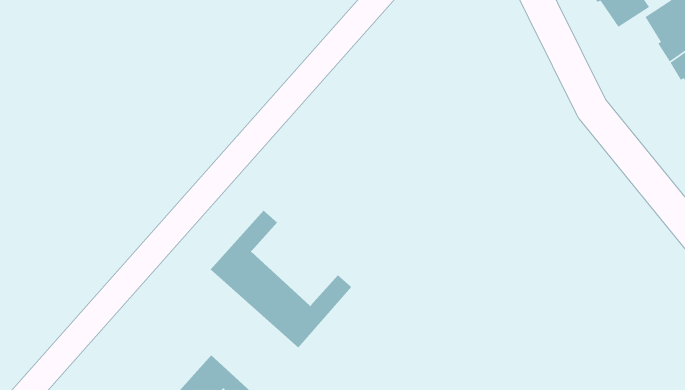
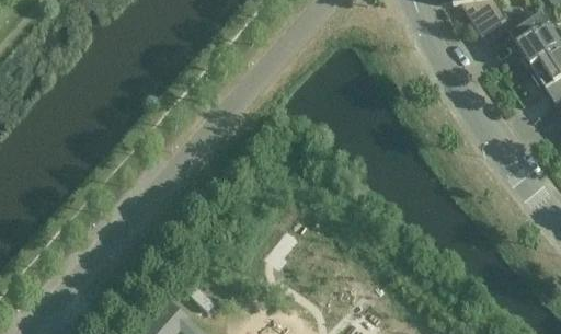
building: [210,210,352,349] -> none

